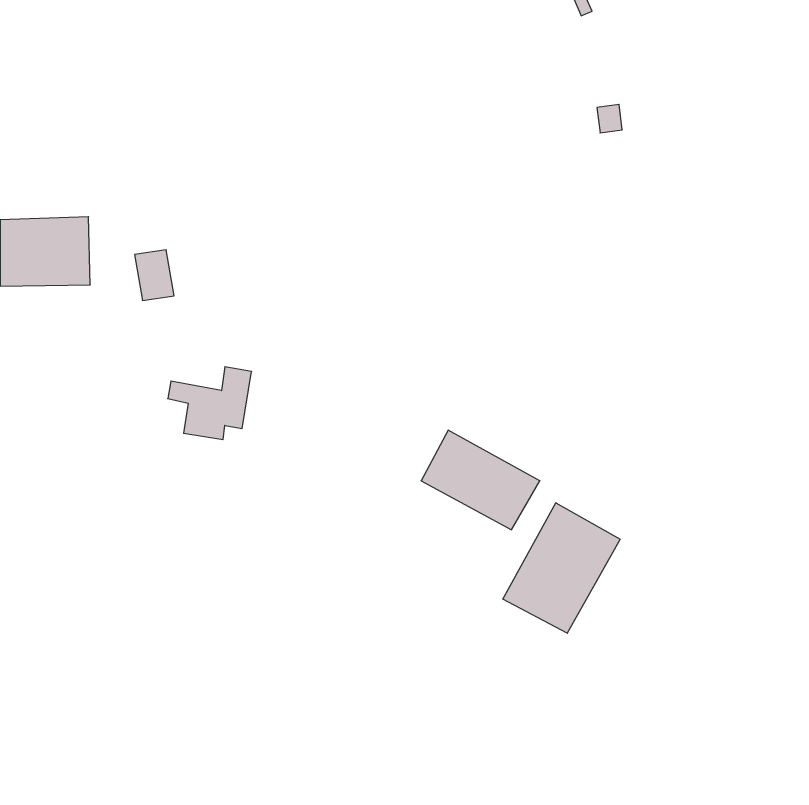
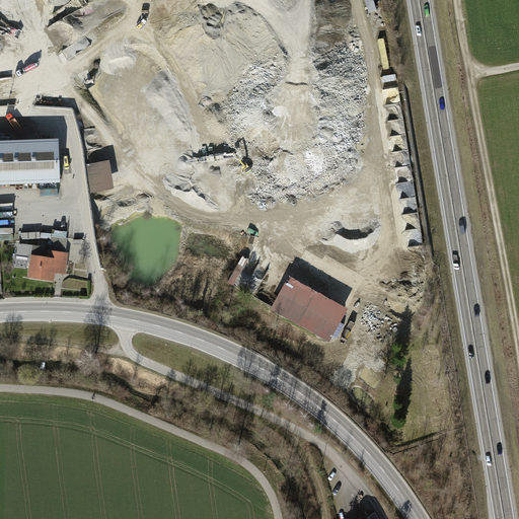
building: [168,367,252,440] -> [15,234,69,281]
building: [503,503,620,633] -> none

